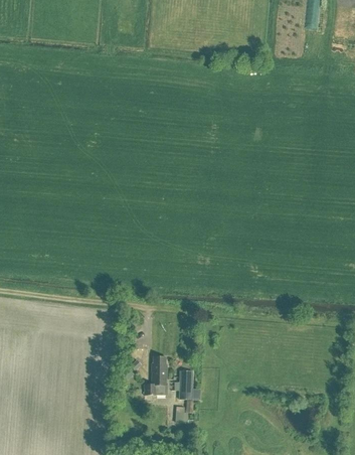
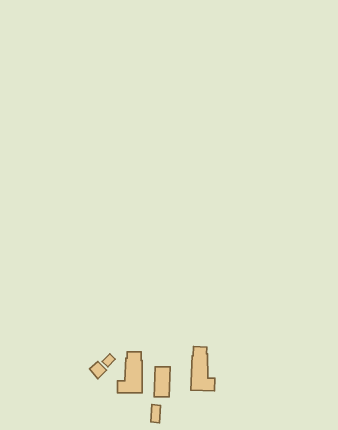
building: none -> [191,347,215,391]

